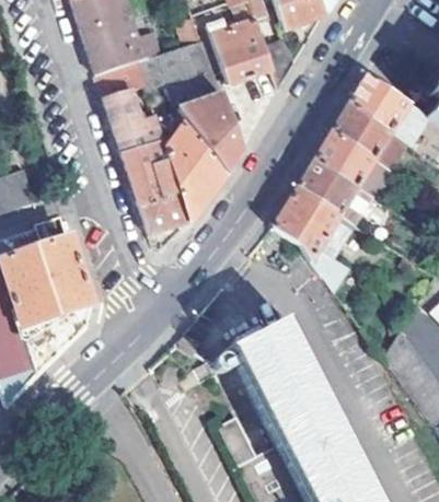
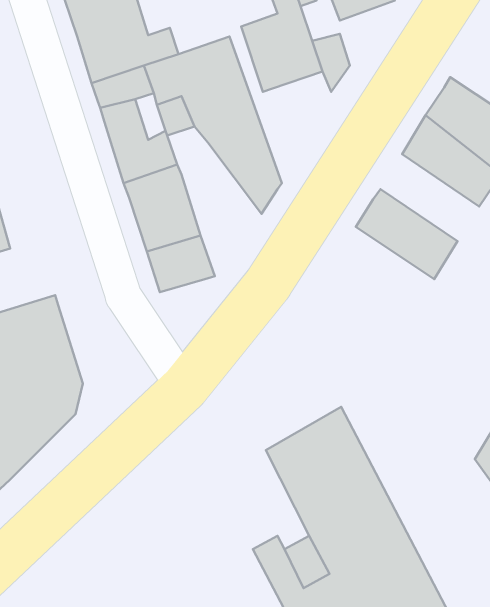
building: [165,119,226,220] -> none
building: [315,128,390,194] -> none
building: [274,183,356,291] -> none

